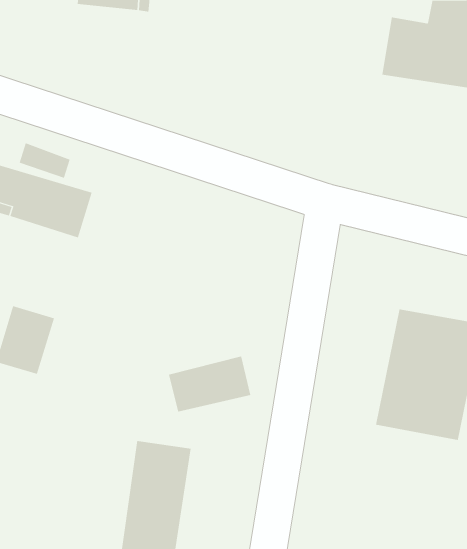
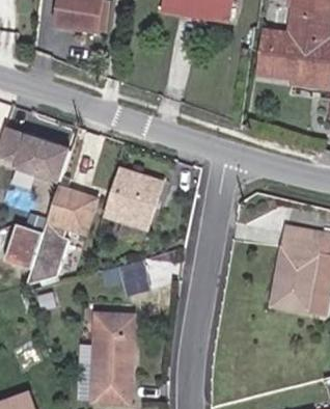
building: none -> [107,164,166,224]
building: none -> [31,188,98,282]

